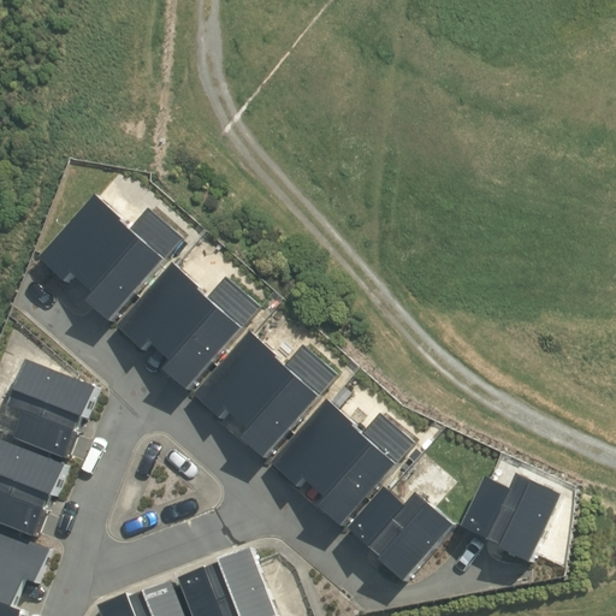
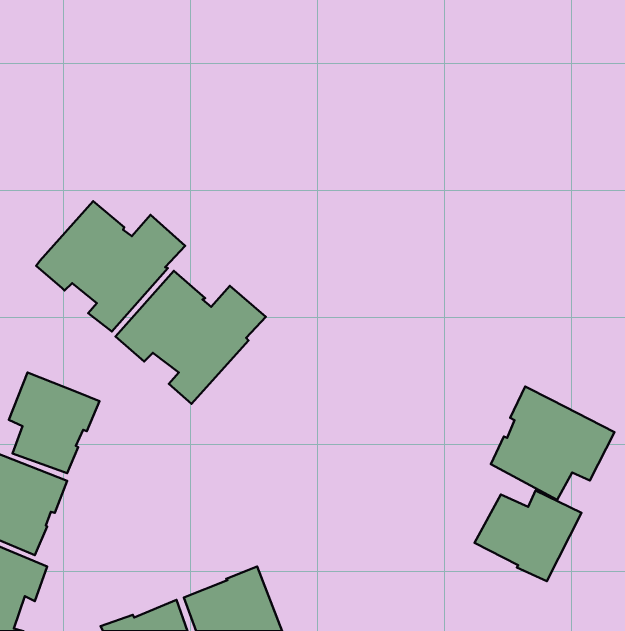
building: [185,331,333,458] -> none
building: none -> [491,387,615,500]
building: [267,399,411,527] -> none
building: [346,487,452,582] -> none

